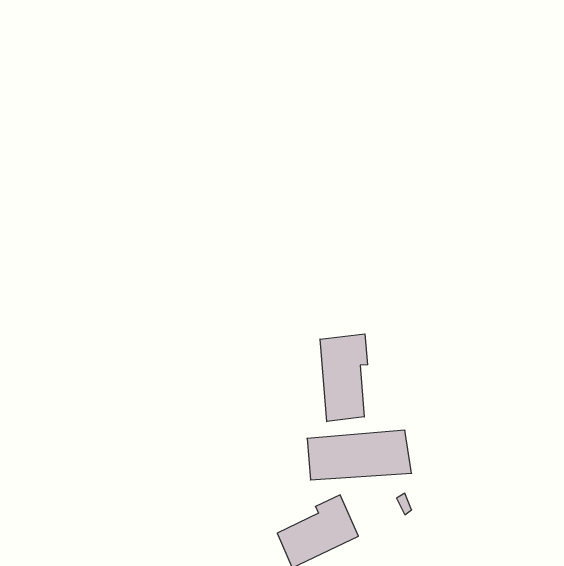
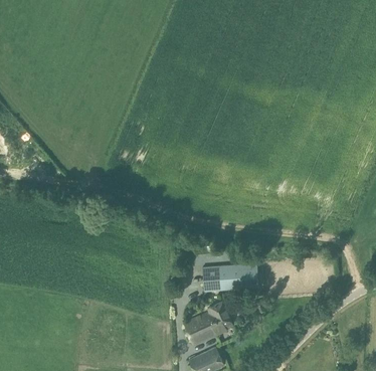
building: [320,334,368,422] -> none

